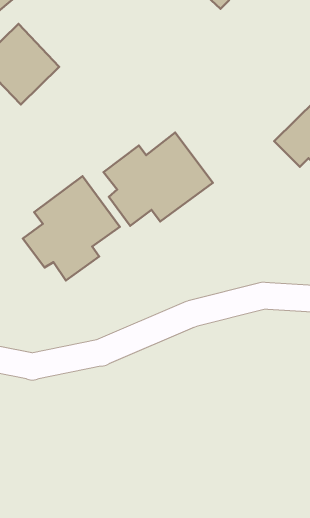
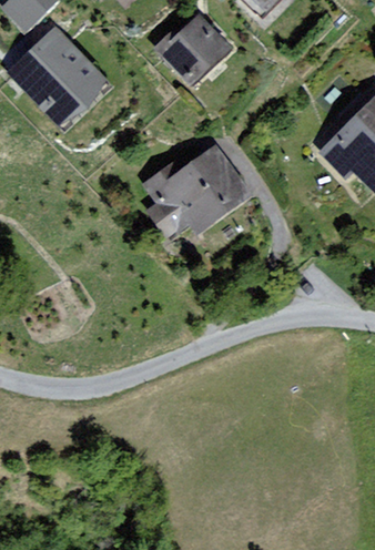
building: none -> [152,10,235,88]
building: [23,176,120,280] -> none

